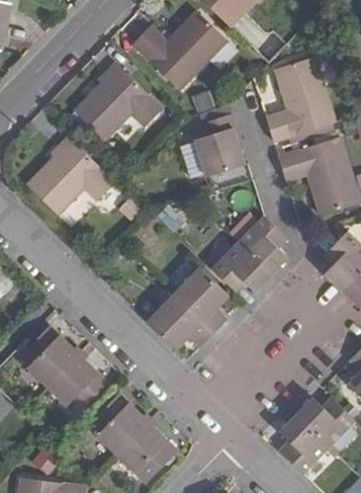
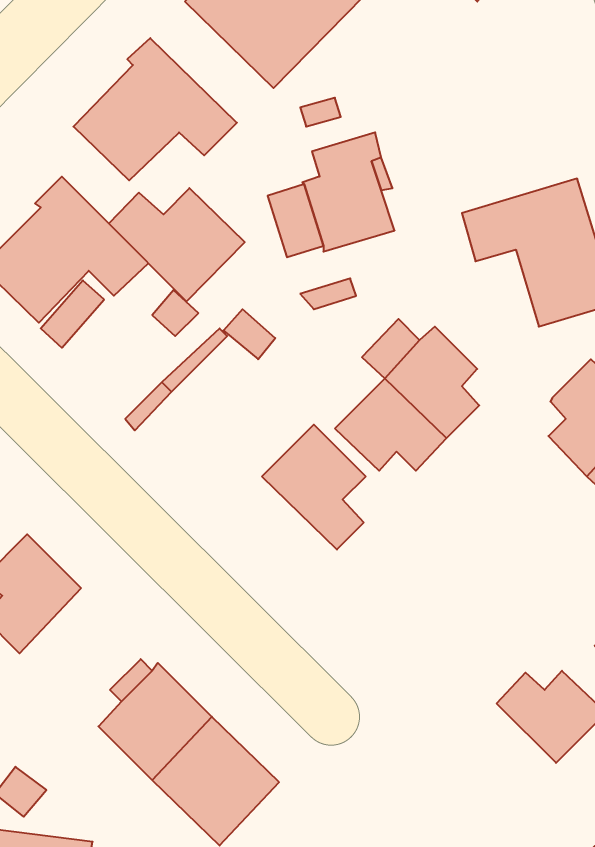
building: [267,56,335,141] -> none
building: none -> [109,188,245,301]
building: [148,295,213,348] -> none
building: [47,353,108,407] -> none
building: [280,414,329,473] -> none

